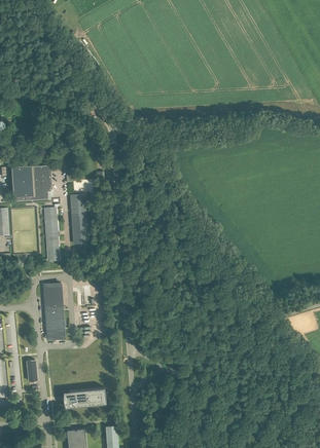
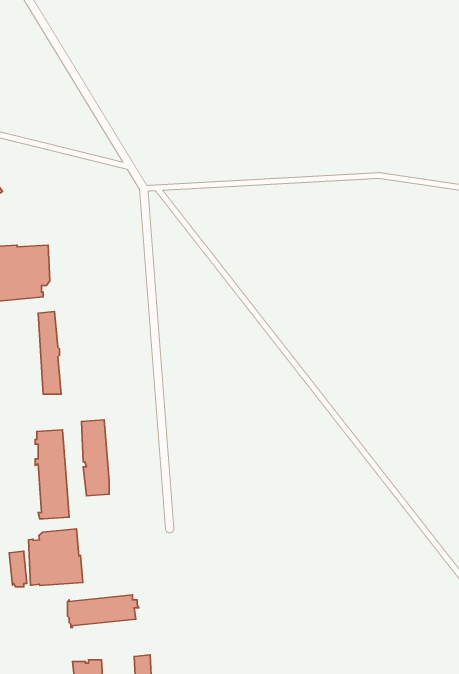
building: [70,194,87,242] -> [82,420,109,496]
building: none -> [28,529,83,585]

